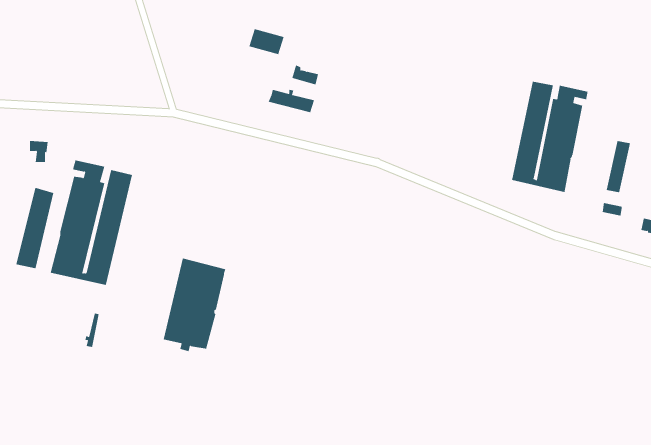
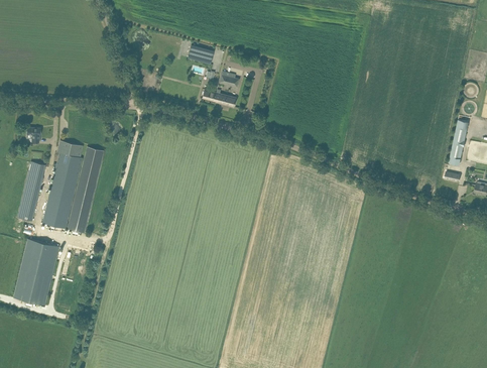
building: [511,81,588,193] -> none
building: [163,258,226,352] -> [13,238,59,306]

